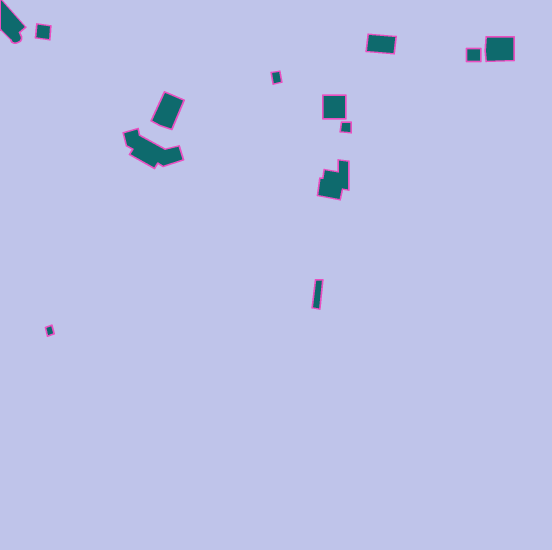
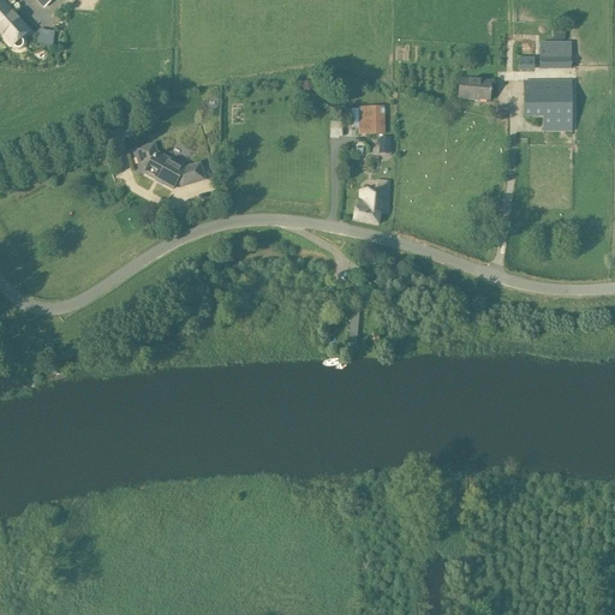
building: [366,34,396,54] -> [458,77,491,98]
building: none -> [524,78,572,130]
building: [151,92,184,129] -> none

